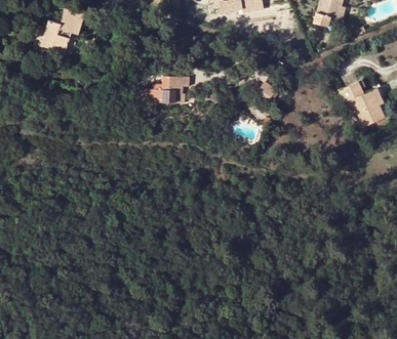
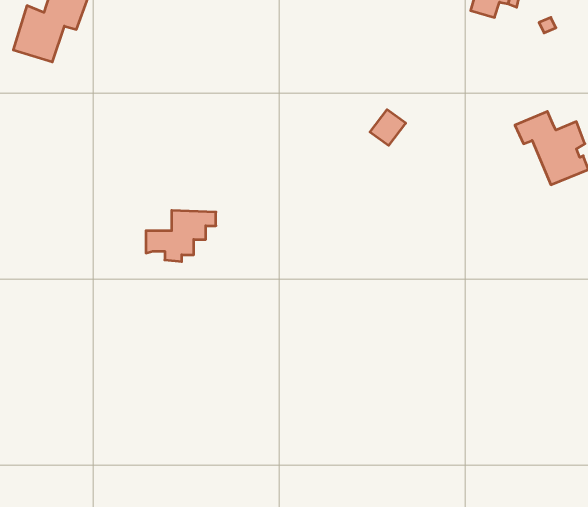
building: [146,76,188,107] -> [146,210,216,262]

